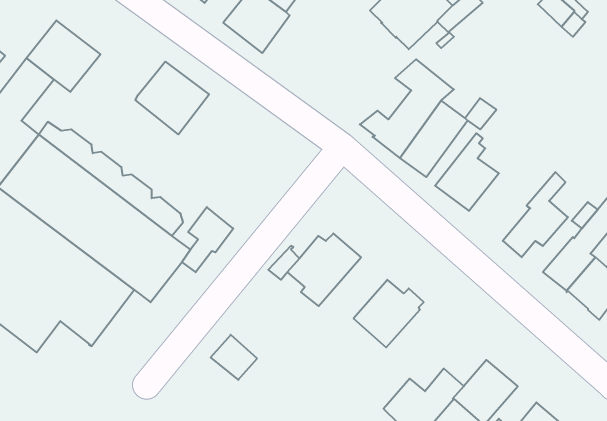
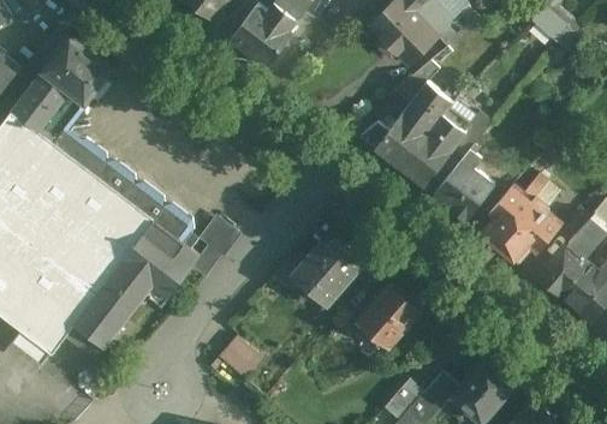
building: [135,62,209,134] -> none
building: none -> [37,92,84,145]
building: none -> [481,174,549,247]

